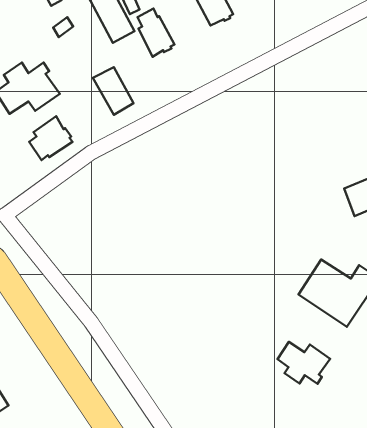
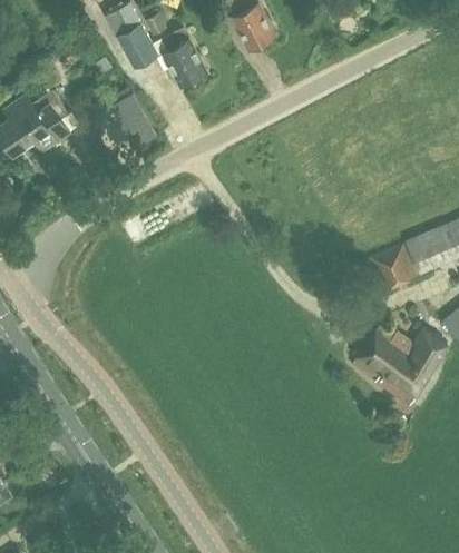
building: [29,116,72,160] -> none
building: none -> [369,244,416,289]
building: [277,342,330,384] -> none

